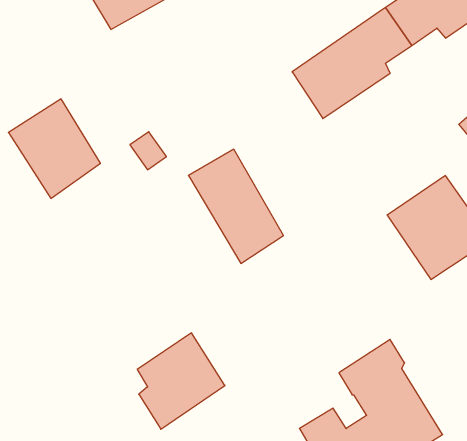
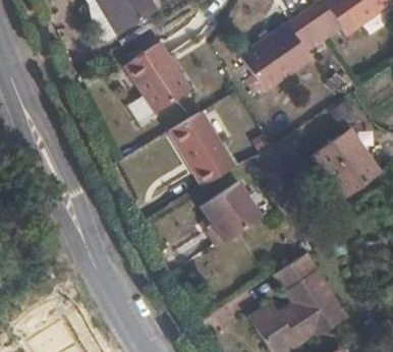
building: [8,99,100,198] -> [125,44,189,113]
building: [137,333,225,429] -> [200,180,261,247]

